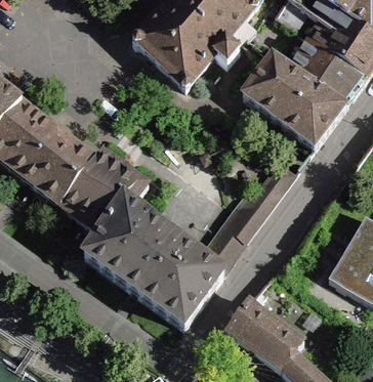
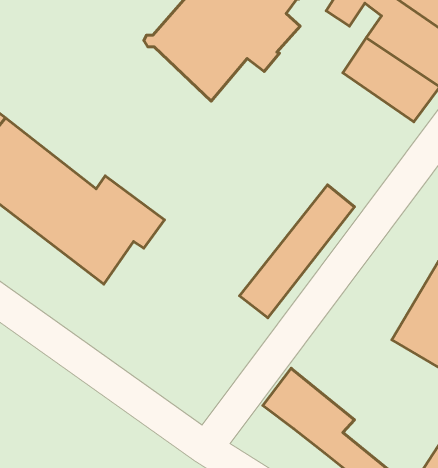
building: [242,54,345,147] -> none
building: [83,200,223,327] -> none

